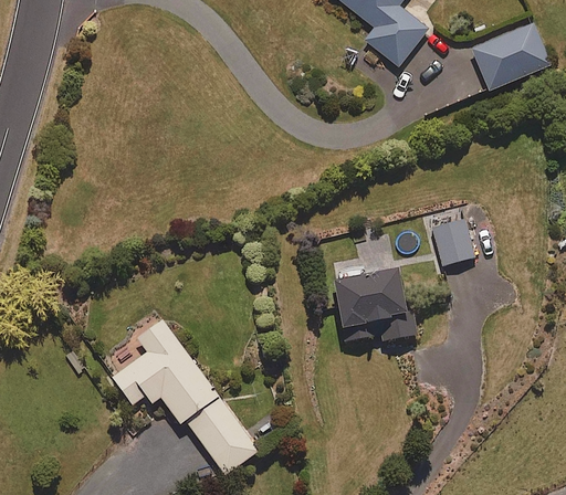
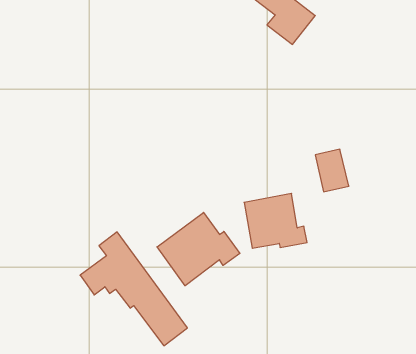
building: [472,23,551,89] -> none
building: none -> [157,212,240,286]

